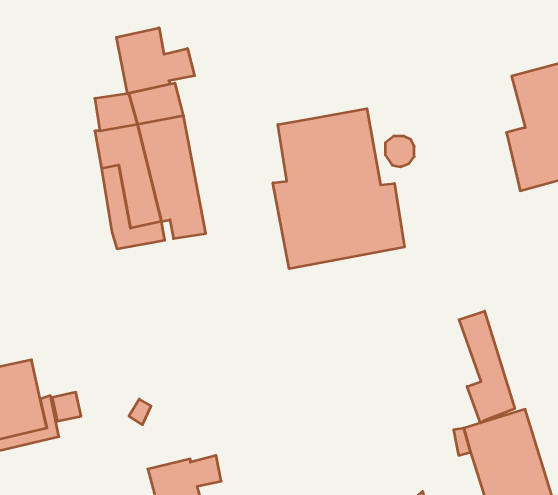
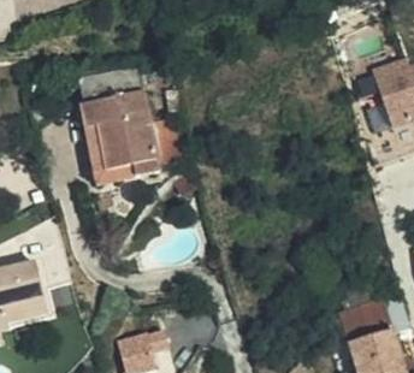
building: [116,28,195,94] -> none
building: [273,109,404,269] -> none
building: [459,311,515,423] -> none

